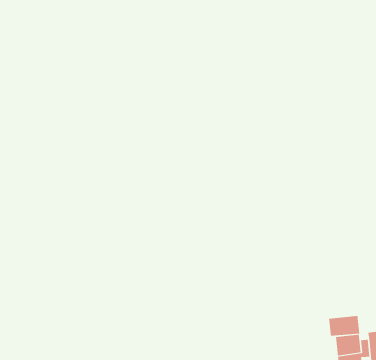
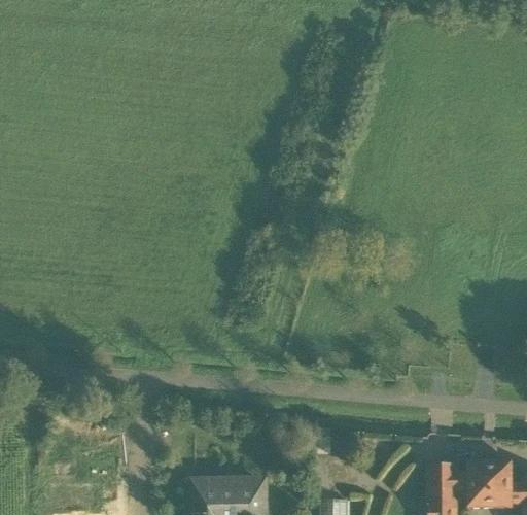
building: [328,315,360,336] -> none

